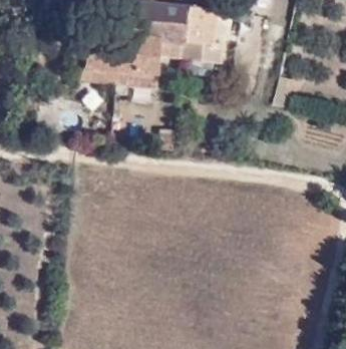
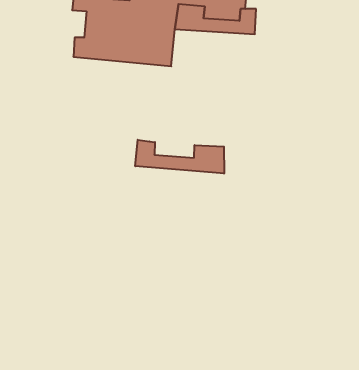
building: none -> [135,140,224,174]

